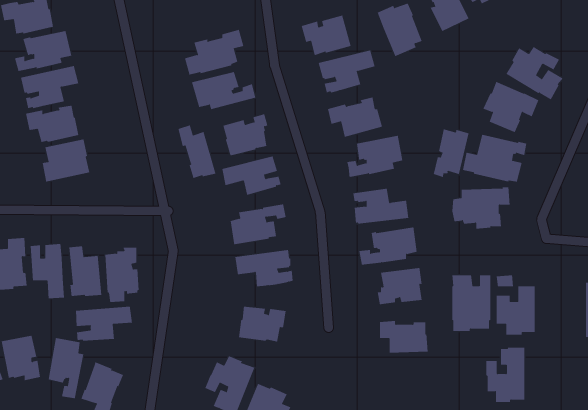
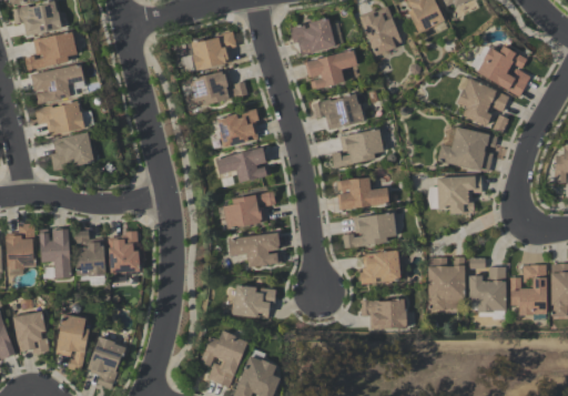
building: [178,124,216,179] -> none
building: [433,128,469,178] -> none
building: [76,306,132,341] -> none
building: [486,347,525,403] -> [509,264,546,315]

